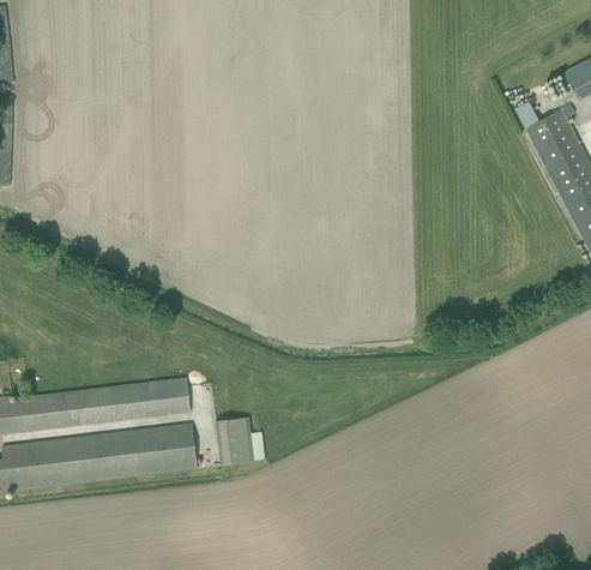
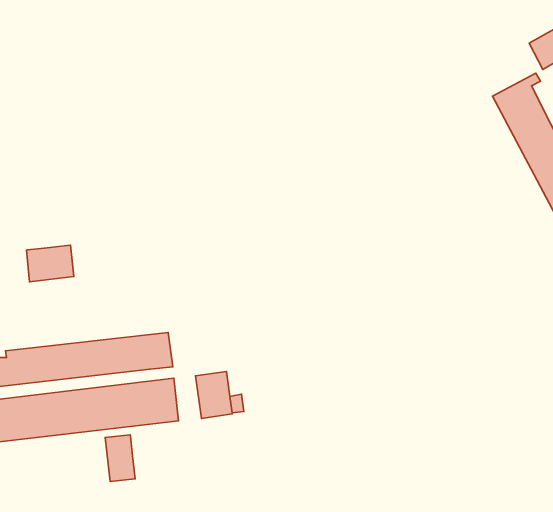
building: none -> [26,245,74,282]
building: none -> [105,435,135,482]

